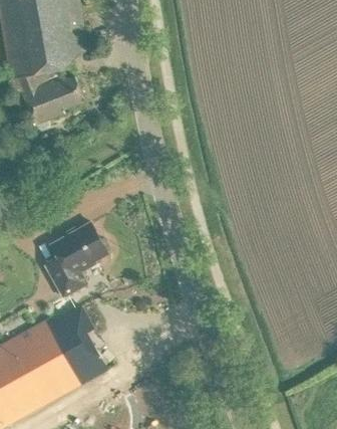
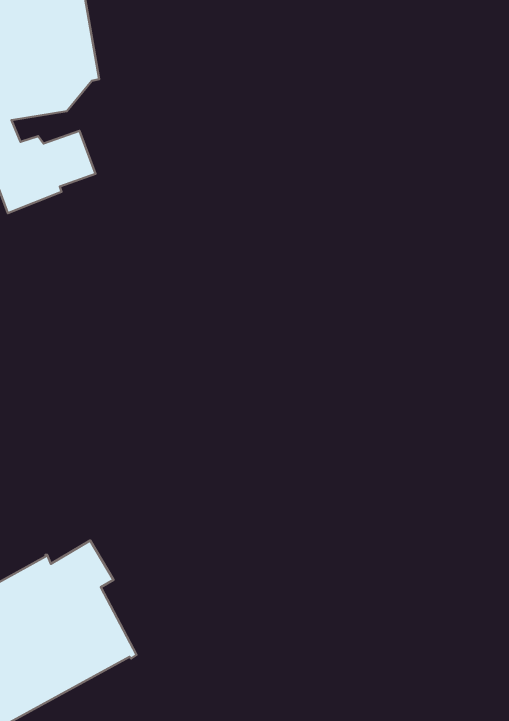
building: [43,223,107,298] -> none

